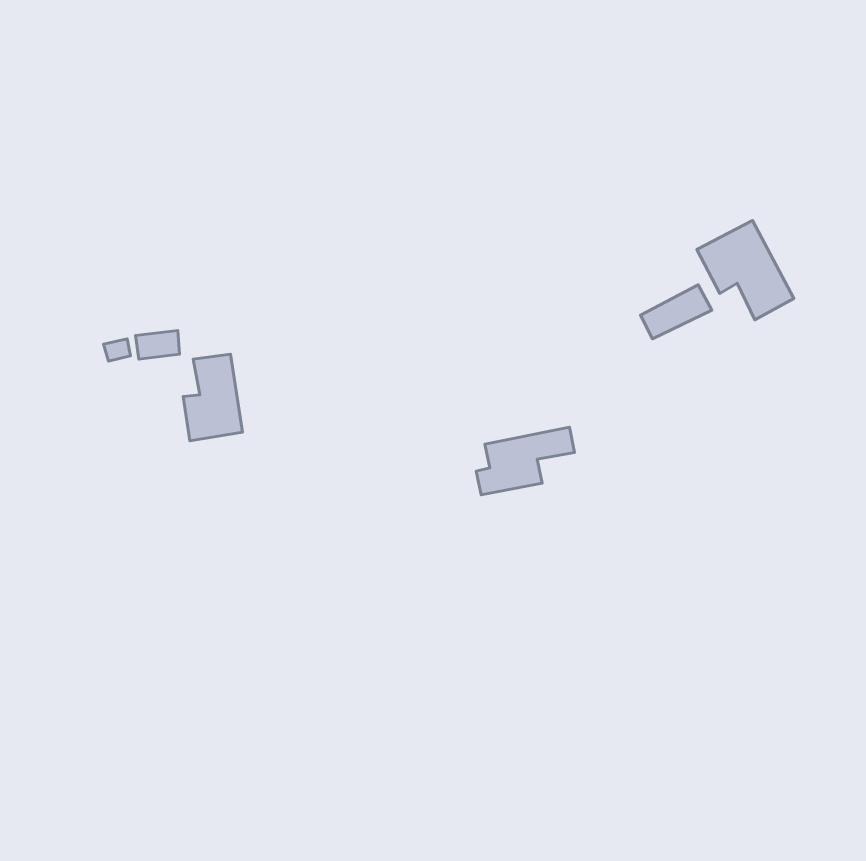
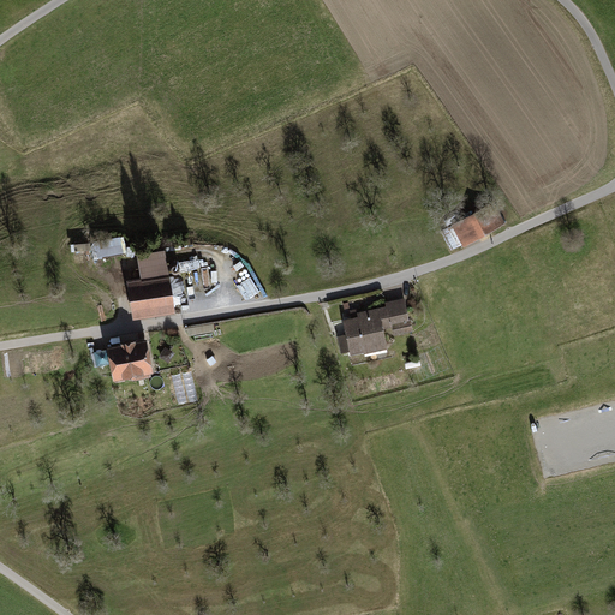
building: [697,221,794,320] -> none
building: none -> [108,344,149,380]

